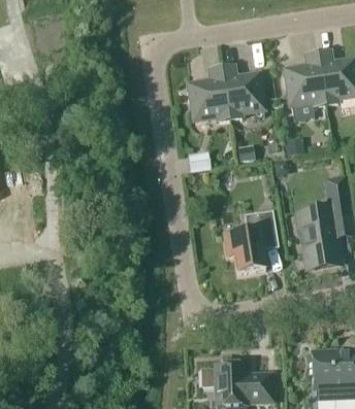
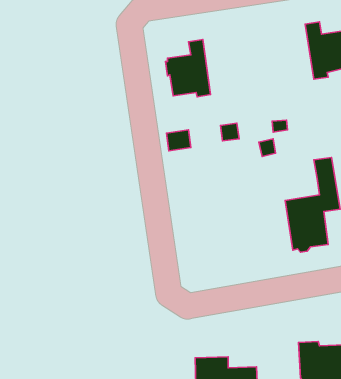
building: [282,53,325,106] -> none
building: [221,65,262,118] -> none
building: [223,210,277,273] -> none

